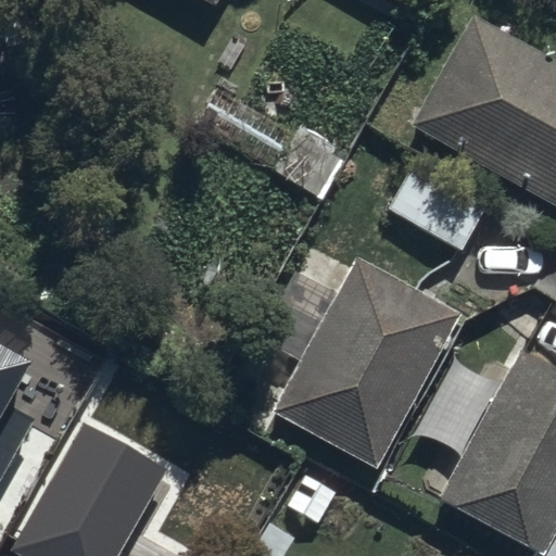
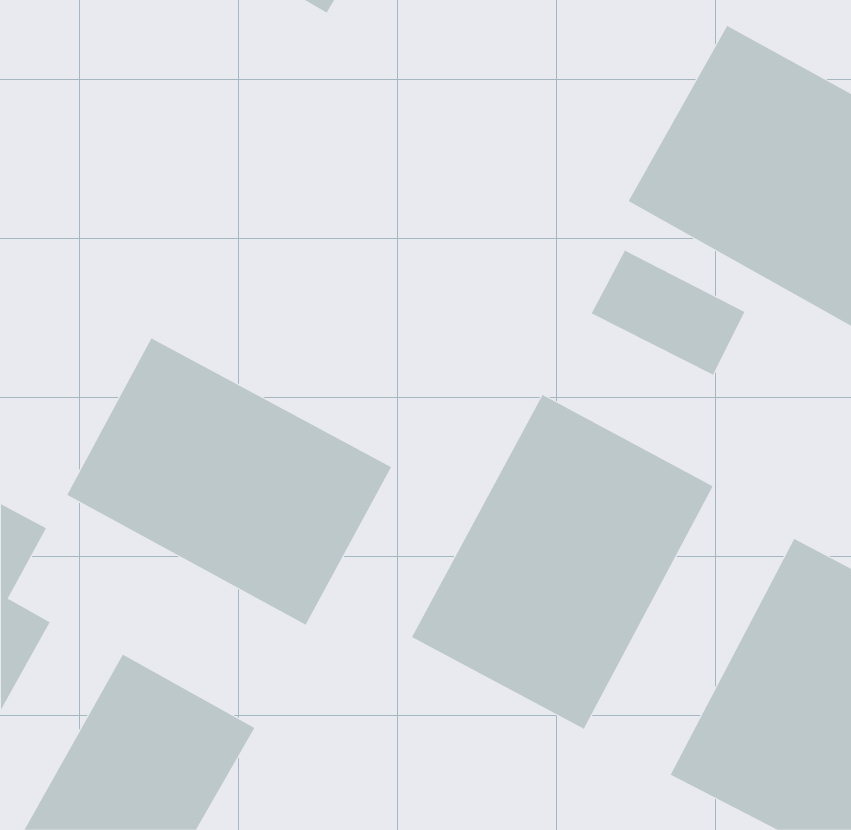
building: none -> [67,337,392,625]

